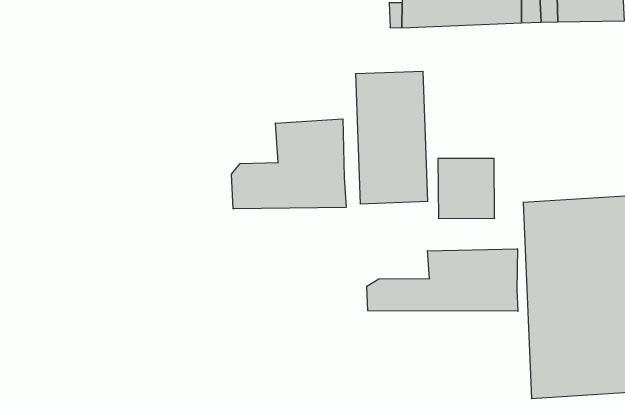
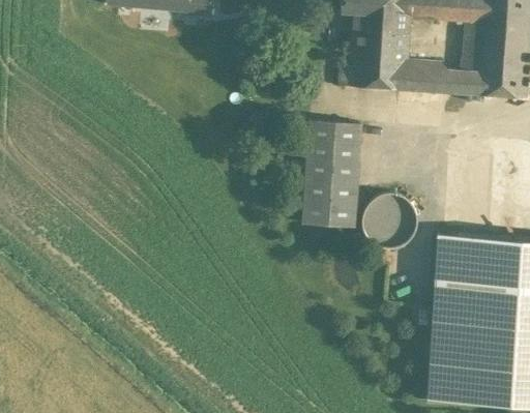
building: [232,119,346,209] -> none
building: [367,249,518,311] -> none

